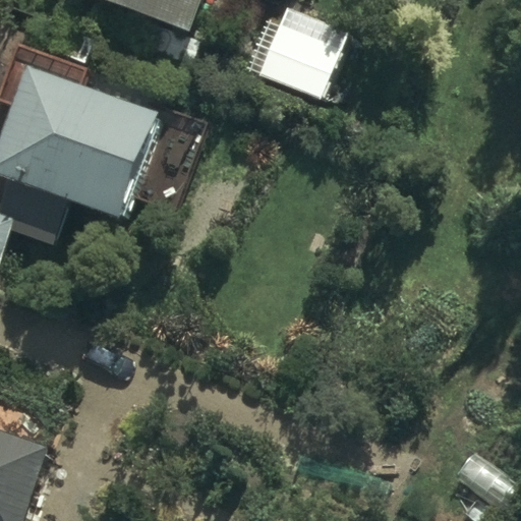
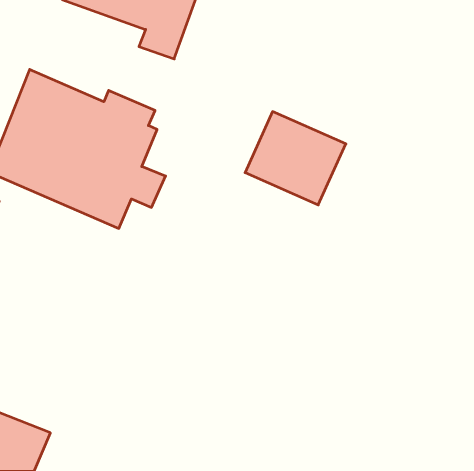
building: [236,4,344,104] -> [245,112,346,205]

